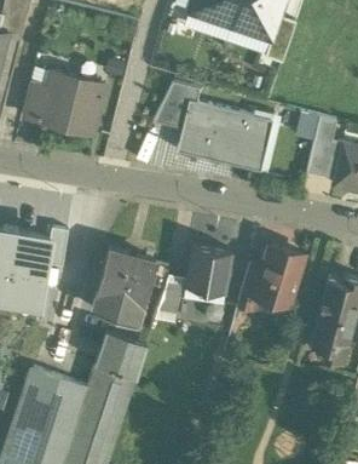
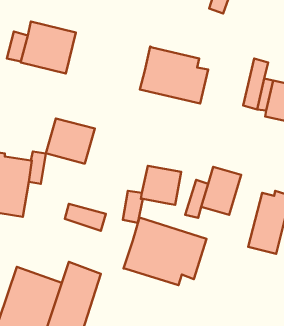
building: [152,84,200,131] -> none
building: [94,250,154,304] -> [46,119,95,164]
building: none -> [123,218,207,285]
building: [96,331,146,377] -> none

